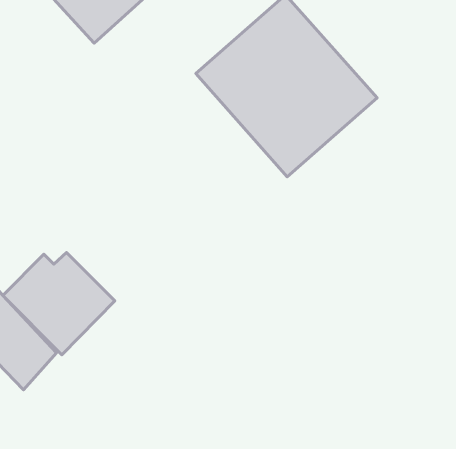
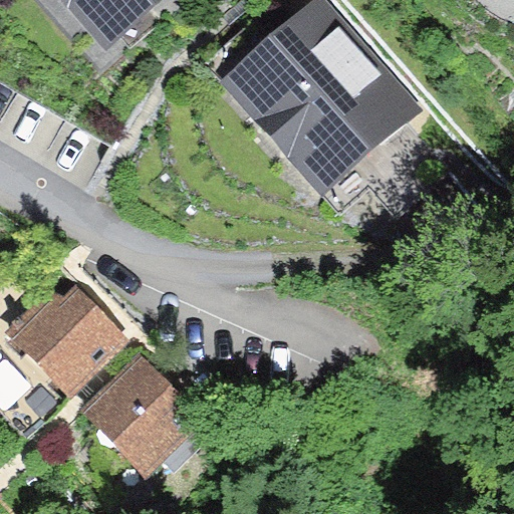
building: none -> [78,347,203,472]

